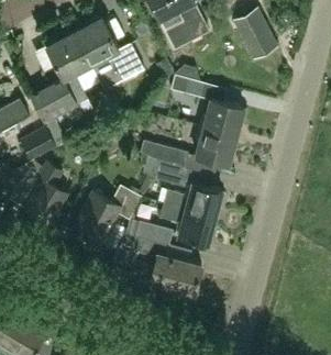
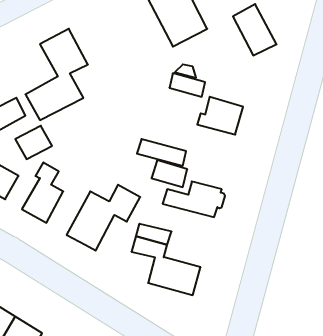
building: [71,18,143,82] -> none
building: [195,126,235,164] -> none
building: [161,204,217,244] -> none

